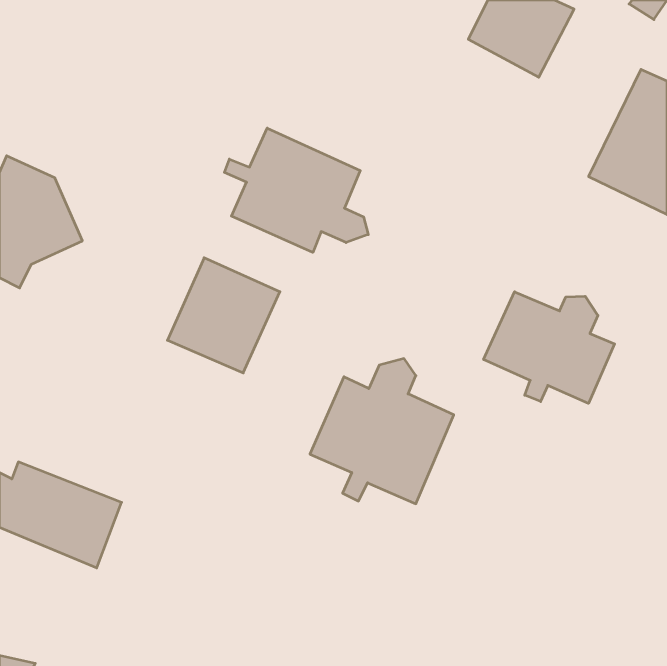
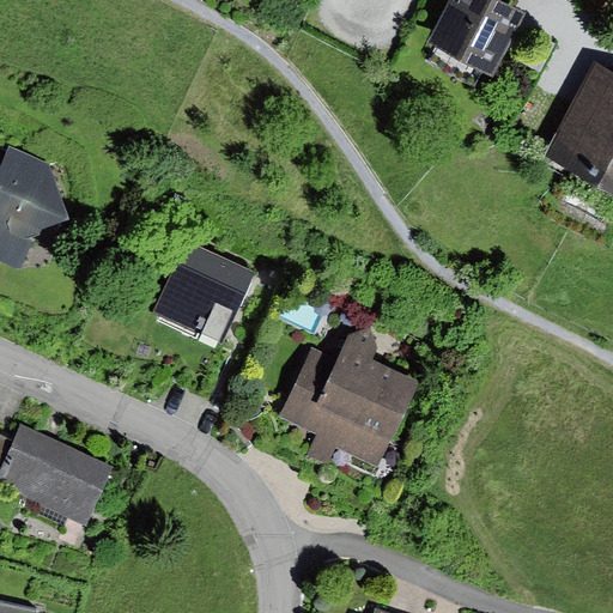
building: [224,128,368,252] -> none
building: [484,292,615,403] -> none

